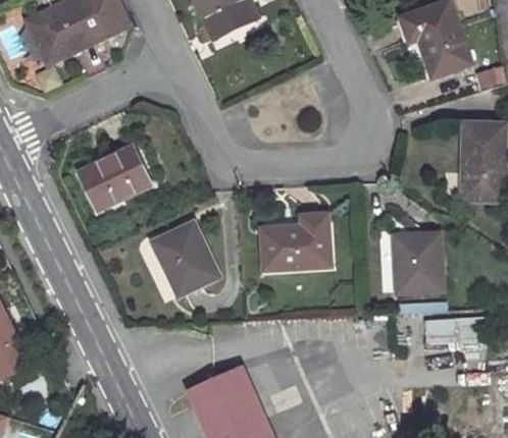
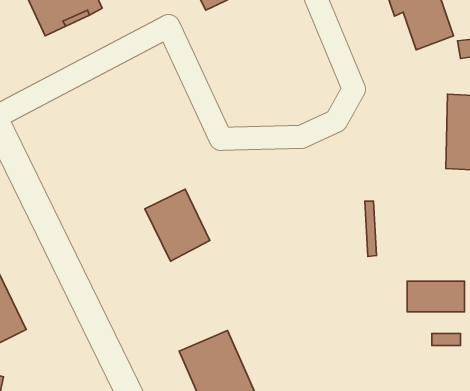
building: [80,147,152,210] -> none
building: [262,215,331,268] -> none
building: [395,234,443,292] -> none

